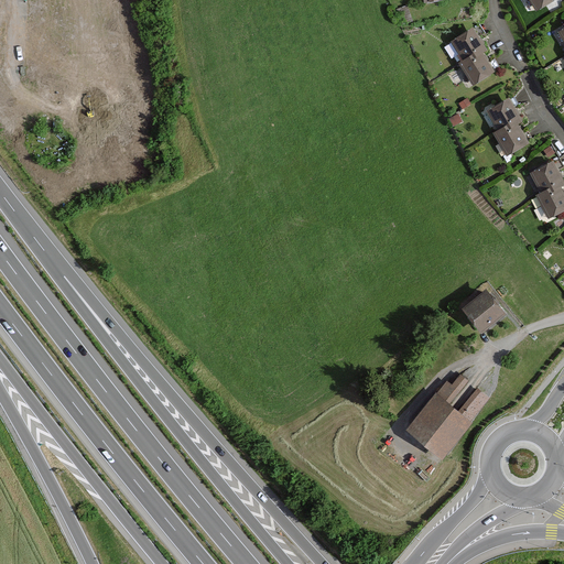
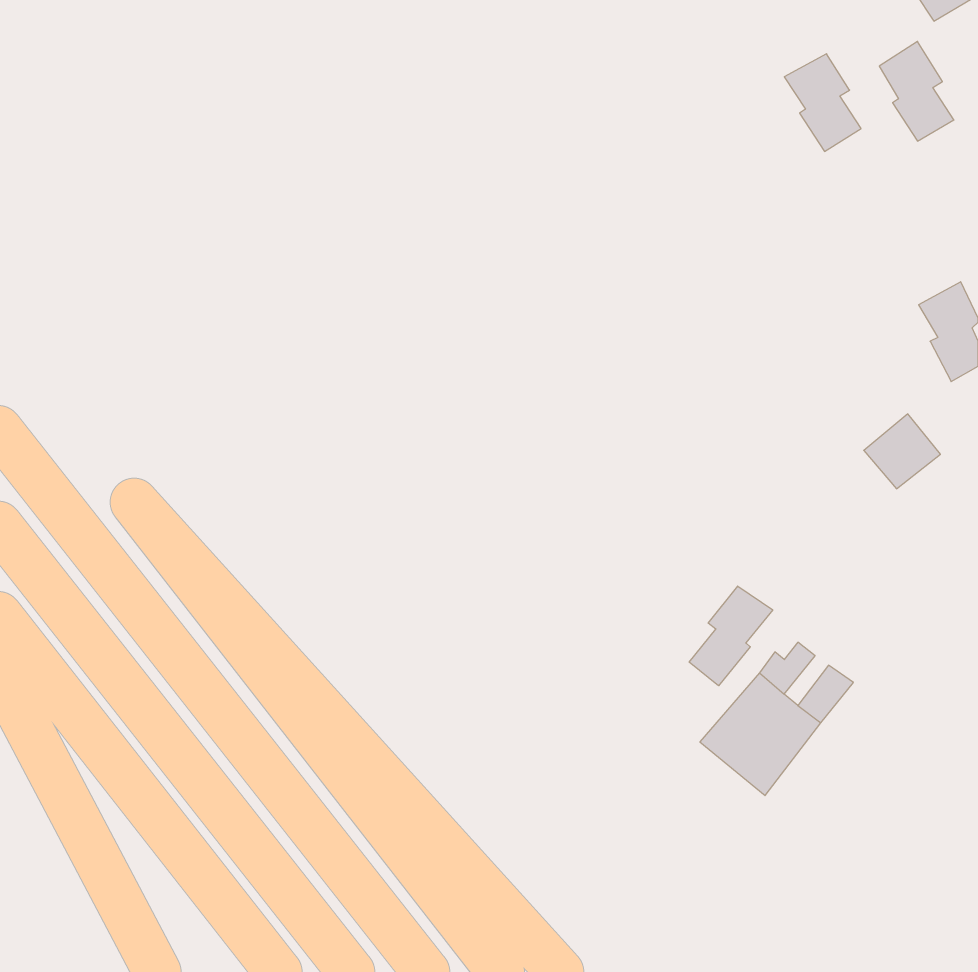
building: [485,100,528,158] -> [879,41,954,141]
building: [463,285,507,328] -> [864,414,940,489]
building: none -> [689,586,773,686]

